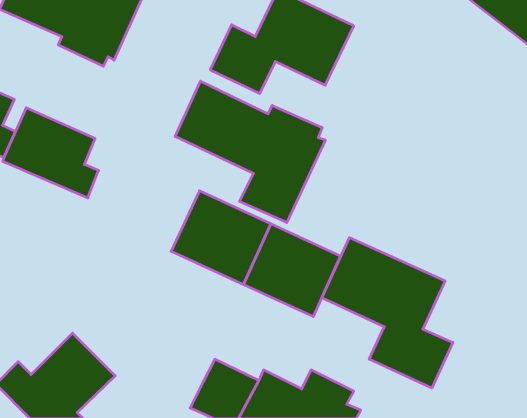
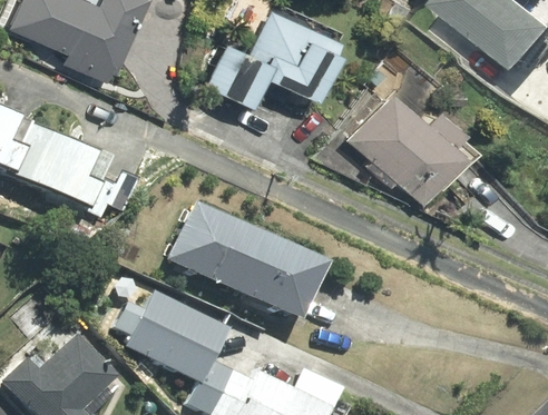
building: none -> [349,92,474,206]
building: [175,81,325,223] -> none
building: [322,238,453,388] -> none
building: none -> [114,297,224,379]

